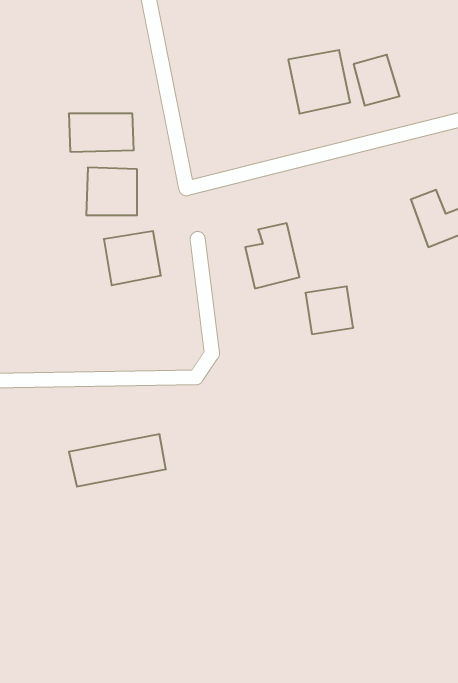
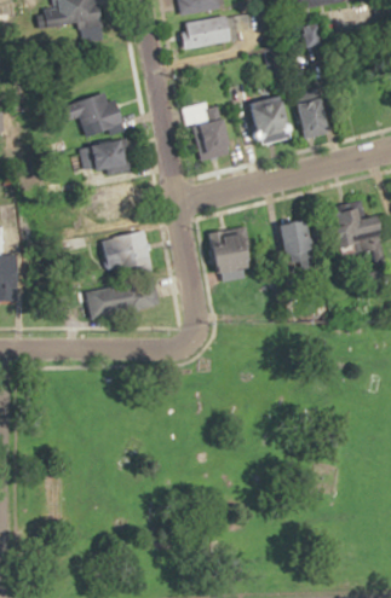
building: none -> [58,95,125,138]
building: none -> [195,109,232,158]
building: [305,286,353,334] -> [280,222,316,259]
building: [69,434,166,487] -> [84,279,157,319]

